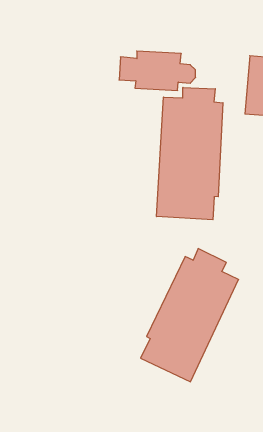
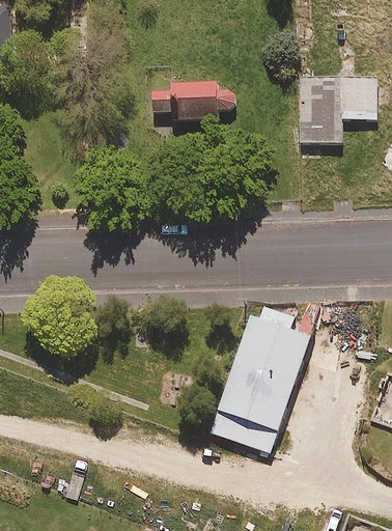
building: [157,87,223,220] -> none

